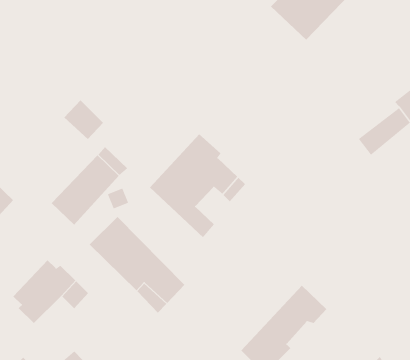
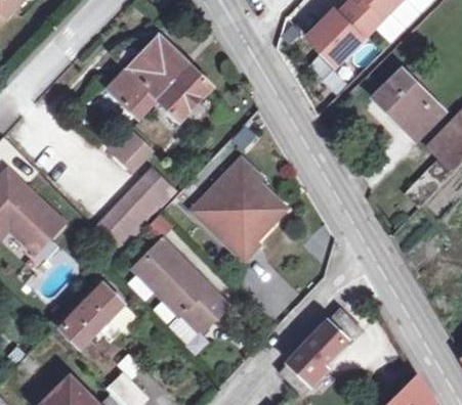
building: none -> [110,38,209,120]
building: none -> [374,62,437,123]

